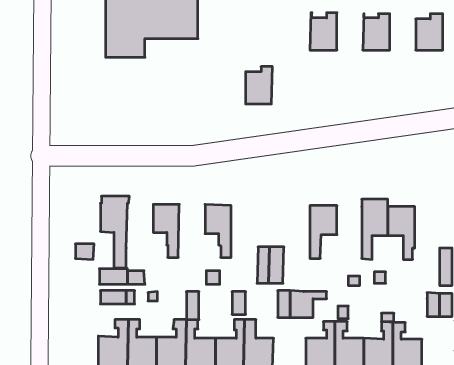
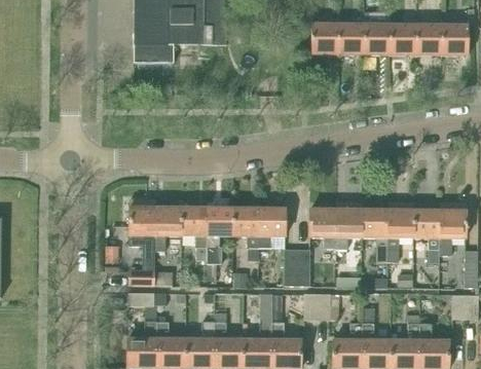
building: none -> [364,16,391,53]
building: none -> [416,17,442,53]
building: [246,67,272,104] -> [311,16,338,53]
building: none -> [441,201,467,250]
building: none -> [155,206,182,250]
building: none -> [207,207,233,280]
building: none -> [259,208,286,246]
building: none -> [310,208,337,260]
building: none -> [364,208,388,260]

